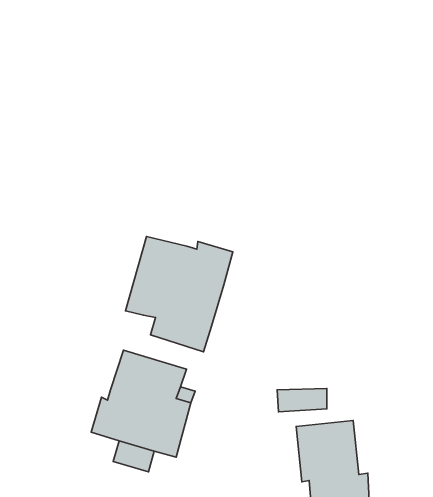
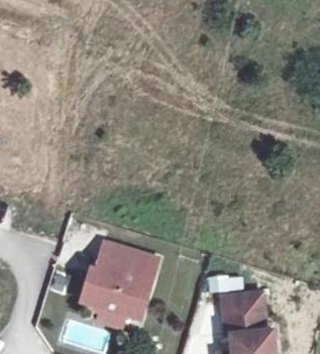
building: [126,236,233,352] -> none

